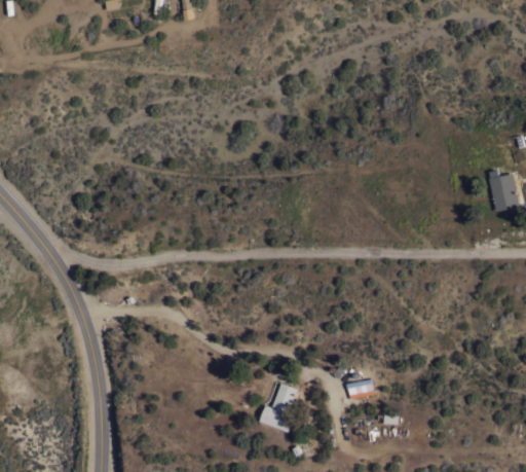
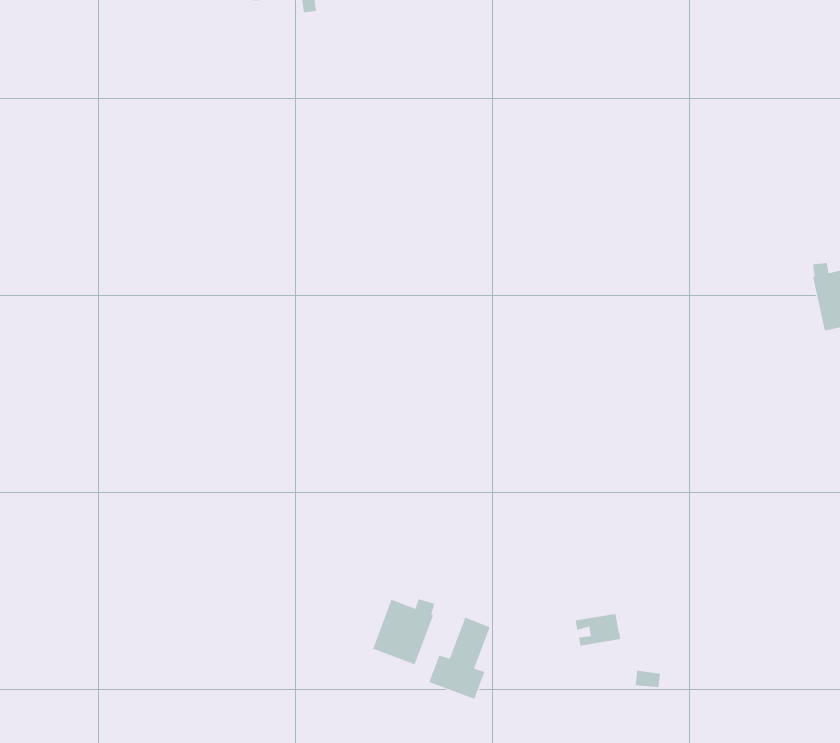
building: none -> [372,599,435,665]

